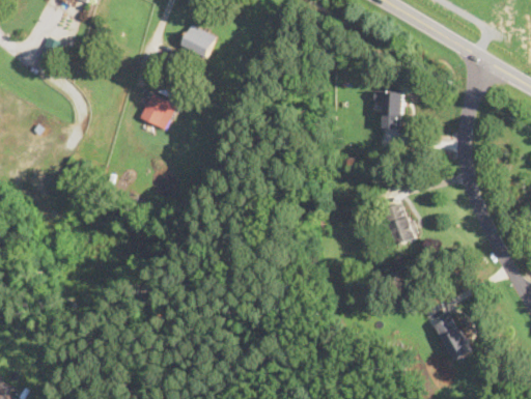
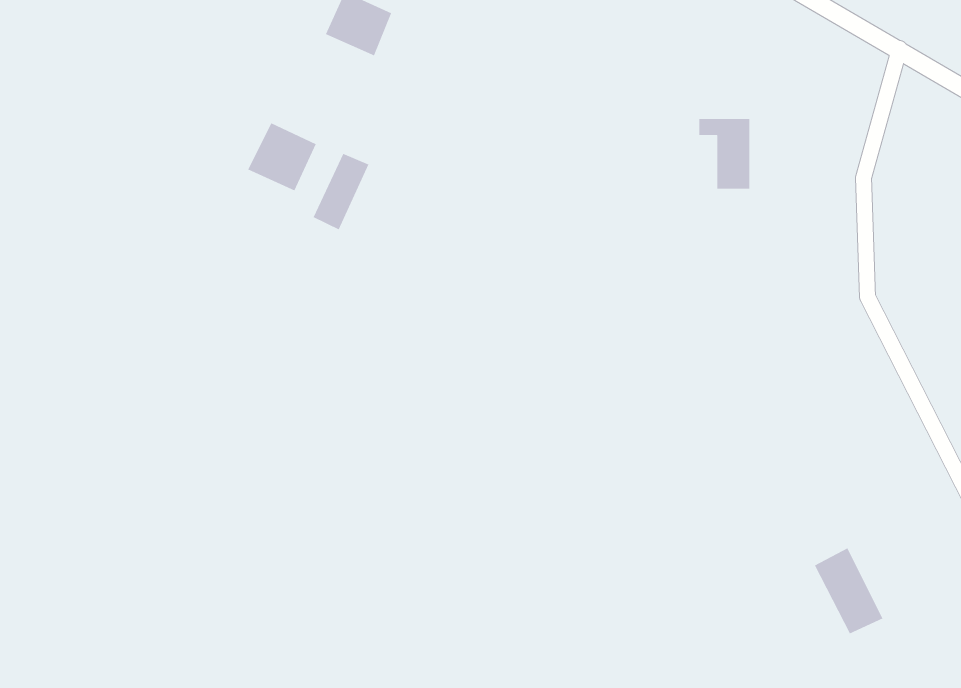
building: none -> [313,153,370,230]
building: [381,200,418,245] -> none

